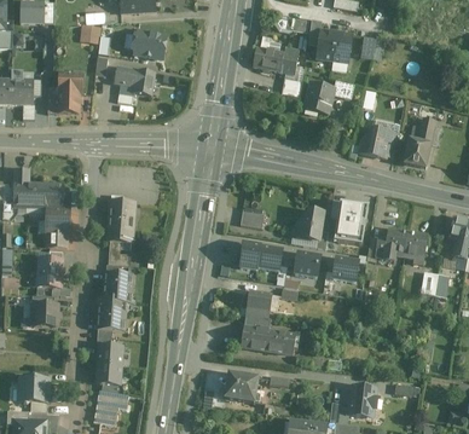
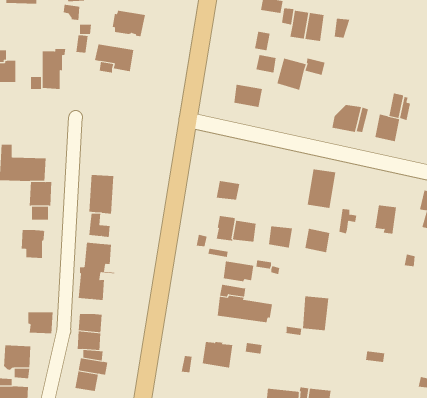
building: [253,46,283,70] -> [234,84,263,108]
building: [291,210,323,241] -> none
building: [376,228,407,261] -> none
building: [31,303,58,326] -> [28,312,53,334]
building: [348,381,376,417] -> [302,296,329,331]

